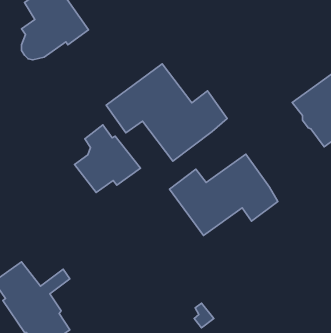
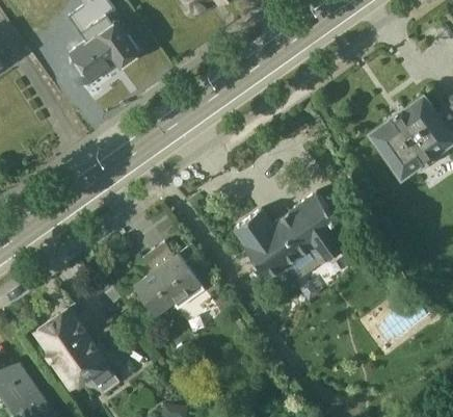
building: [106,64,227,161] -> none
building: [74,125,140,193] -> [132,243,205,318]

